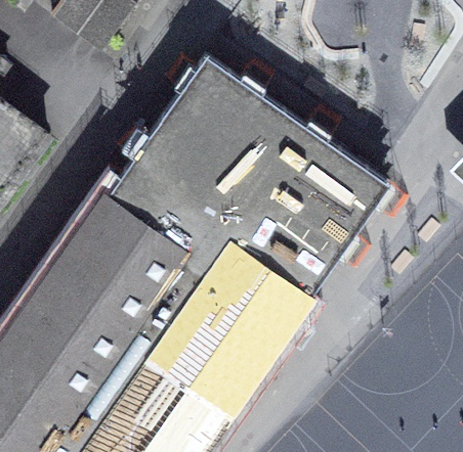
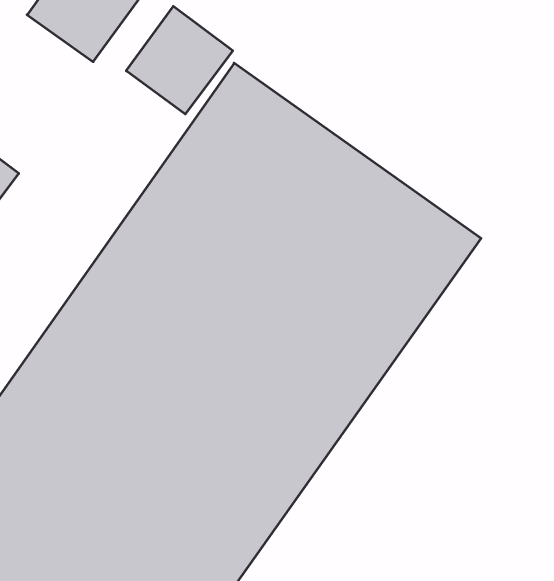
building: none -> [126,6,233,114]

